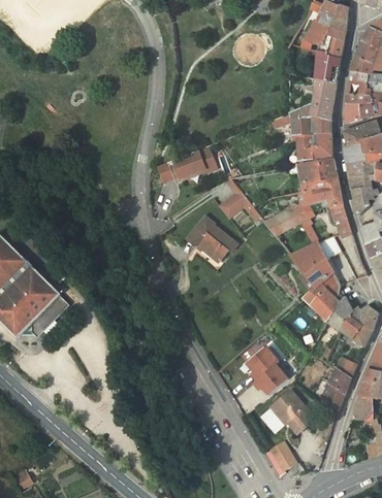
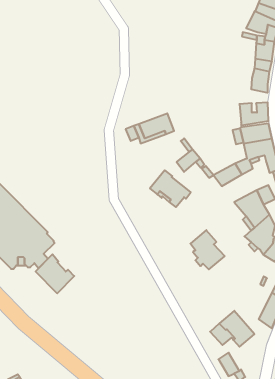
building: [289,103,331,135] -> none
building: none -> [36,254,74,293]
building: [246,345,288,394] -> [190,230,225,269]

